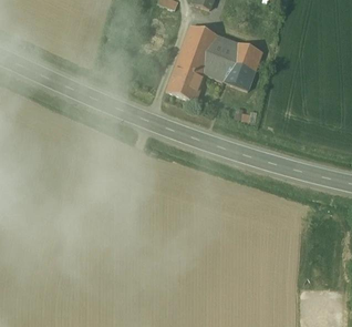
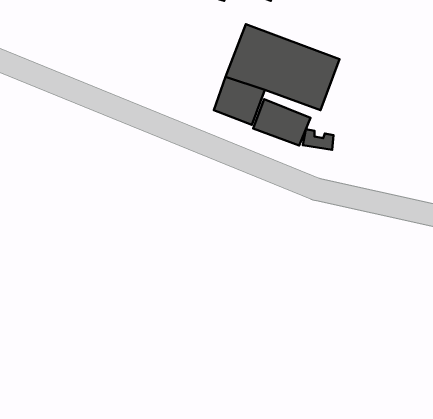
building: none -> [253,99,311,146]

